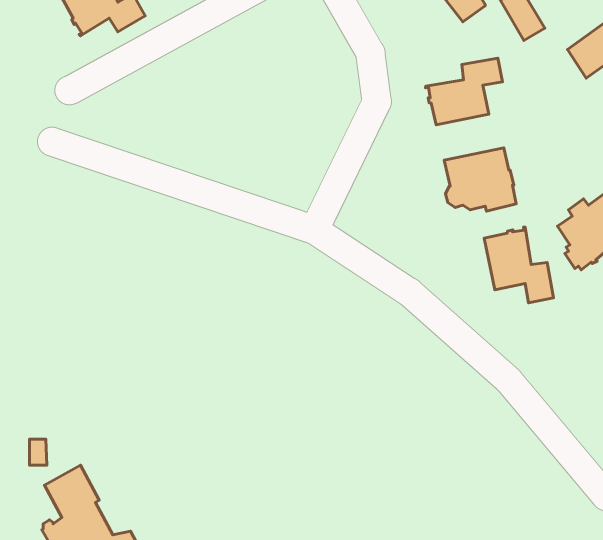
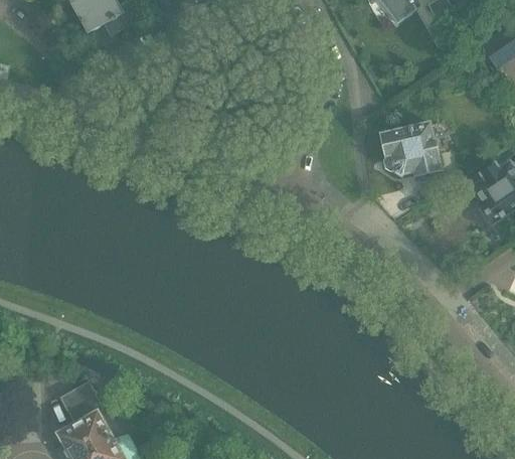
building: [425,58,502,125] -> none
building: [484,227,553,303] -> none

